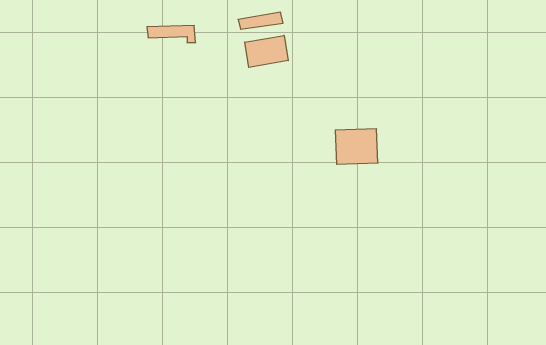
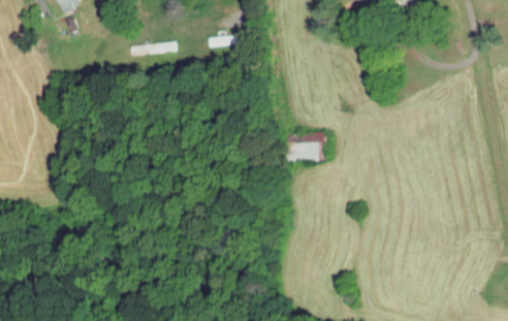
building: [245,35,288,67] -> none

